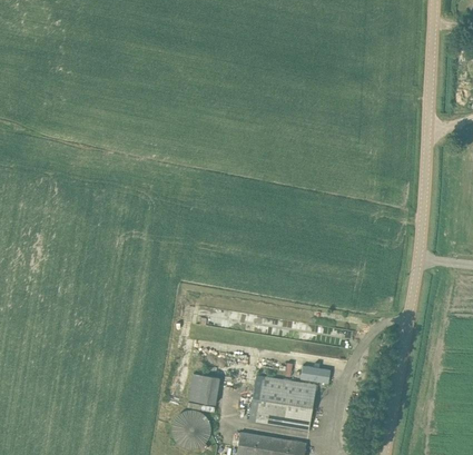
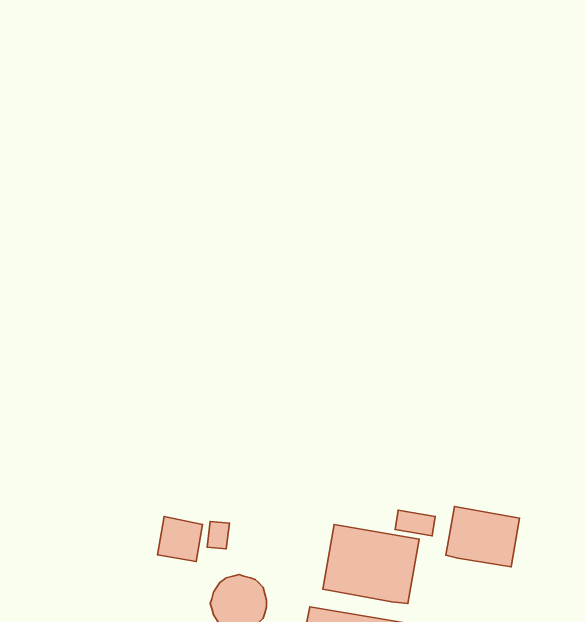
building: none -> [446,507,519,567]
building: [189,374,220,405] -> [158,516,203,561]

